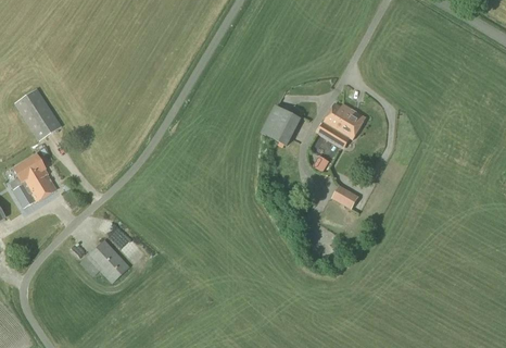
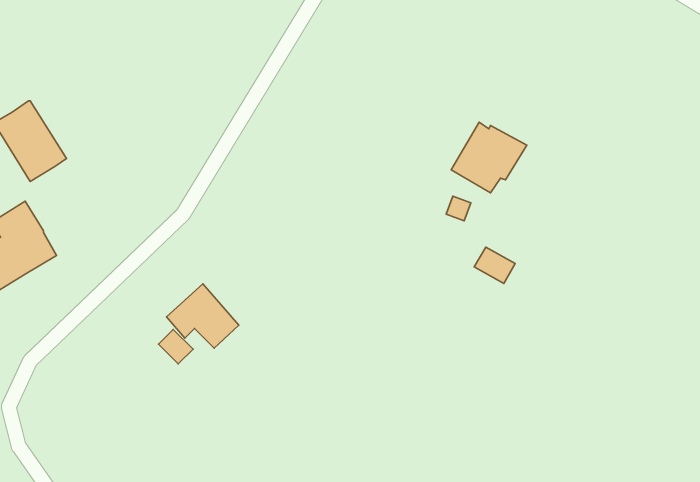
building: [261,104,300,144] -> none
building: [80,239,128,282] -> [167,284,239,348]

